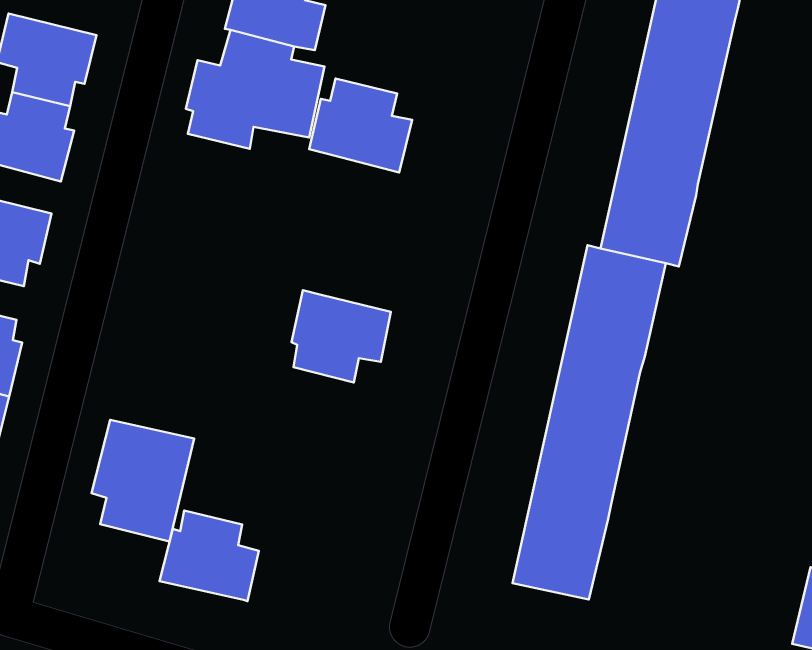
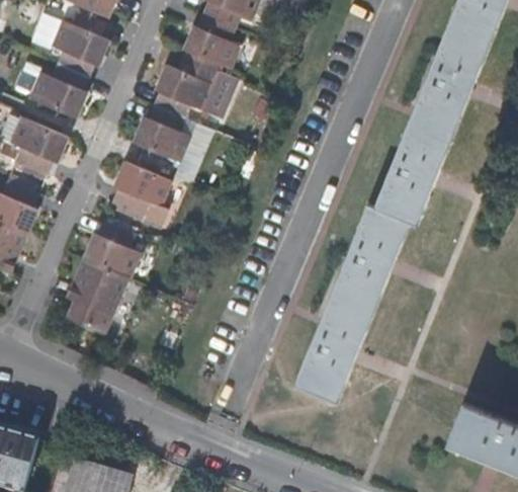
building: [309,78,412,172] -> [132,104,192,163]
building: [291,290,391,383] -> [112,160,172,217]
building: [160,511,259,601] -> [83,221,142,277]

